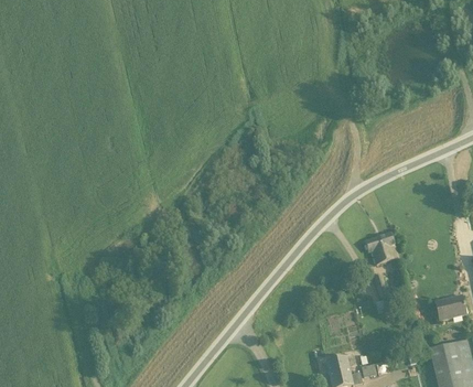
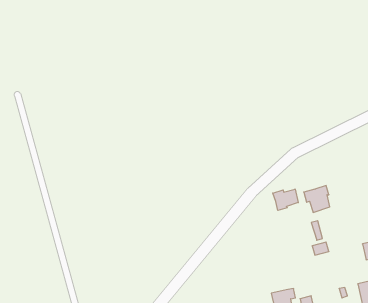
building: none -> [273,189,298,210]

